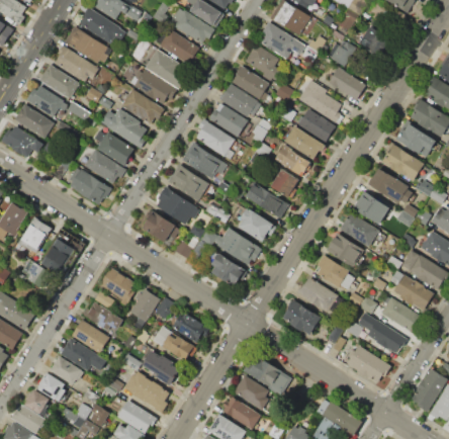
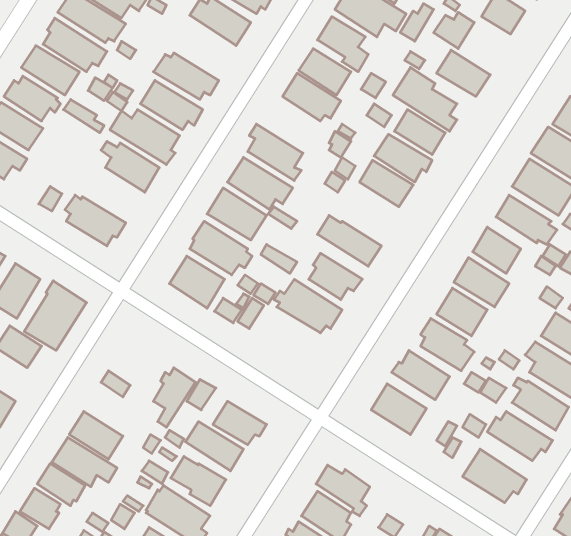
building: [146,50,188,88] -> none
building: [209,103,248,138] -> none
building: [84,150,125,184] -> none
building: [271,170,298,199] -> none
building: [211,254,245,287] -> none
building: [100,268,139,305] -> none
building: [83,303,122,331] -> none

